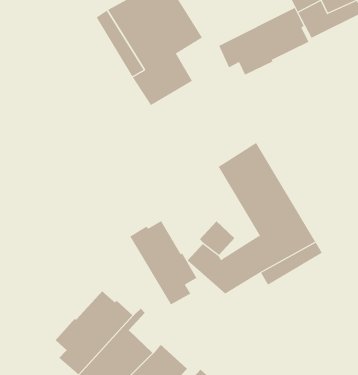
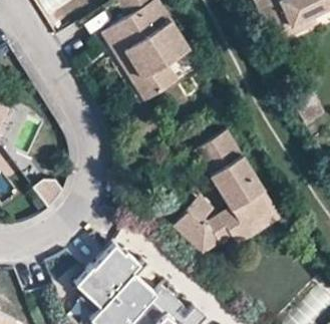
building: [218,7,309,75] -> none
building: [129,220,197,305] -> none

